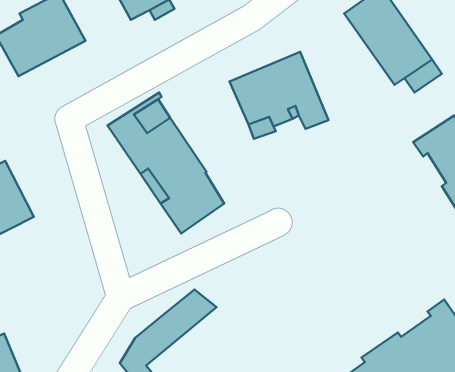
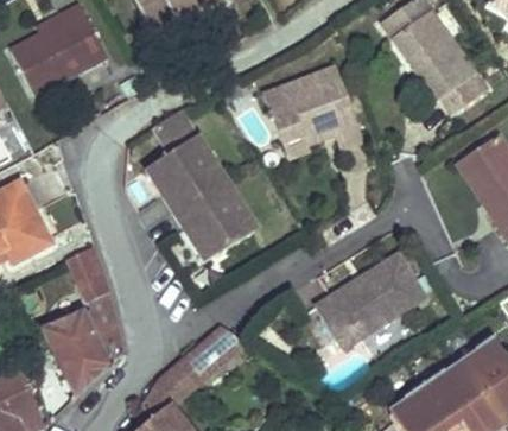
building: none -> [43,243,121,393]
building: none -> [316,255,423,348]

